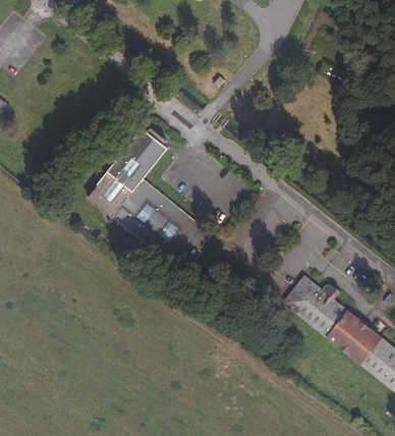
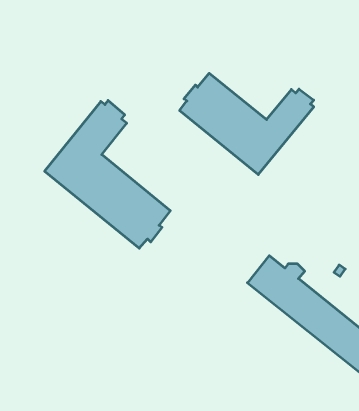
building: none -> [180,73,314,175]

